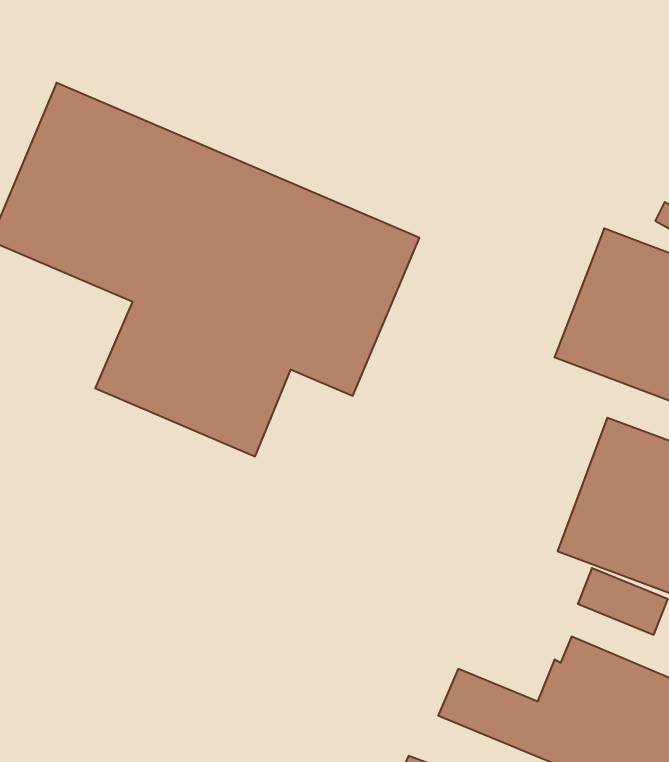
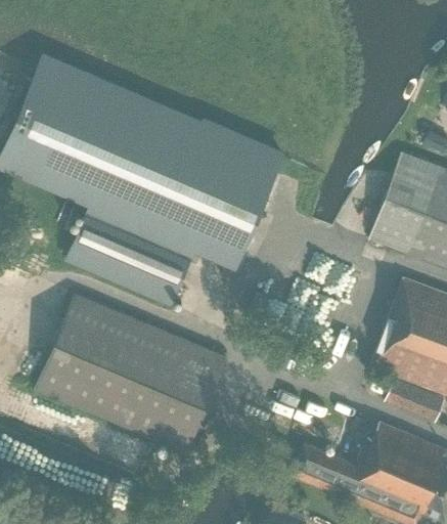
building: none -> [37,293,228,451]

